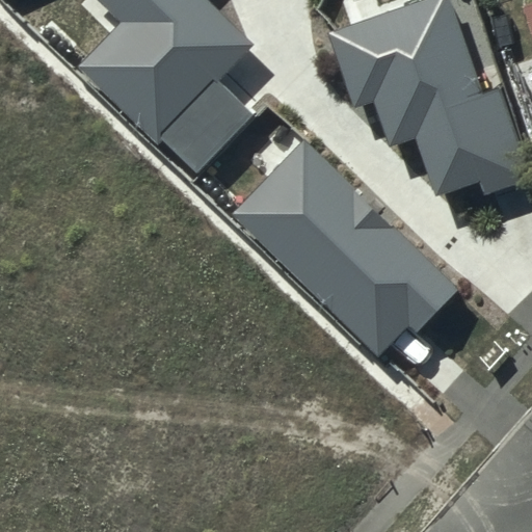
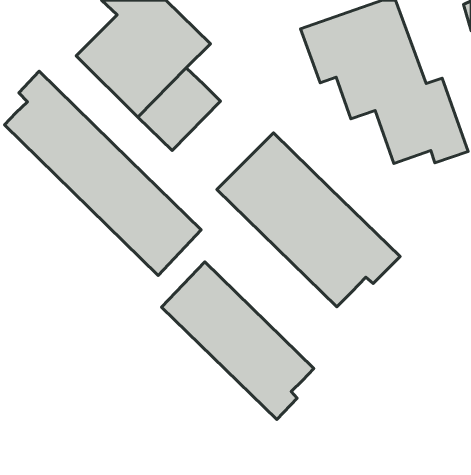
building: none -> [5,71,201,275]
building: none -> [162,262,314,420]

